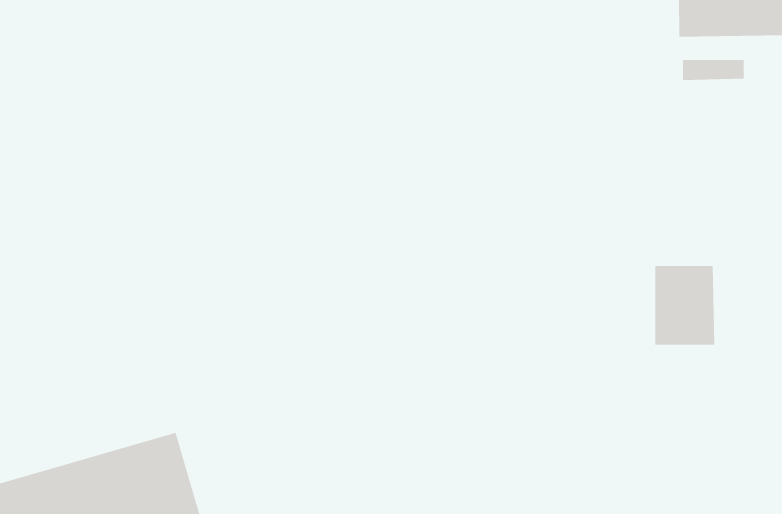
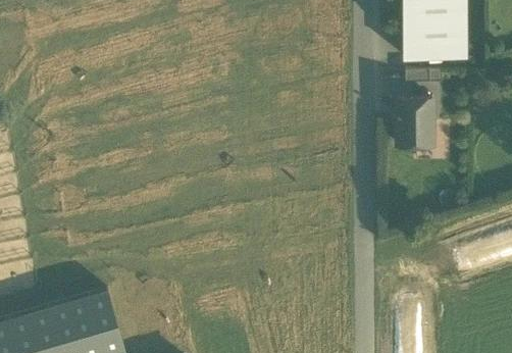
building: [655,265,715,345] -> [398,100,433,147]

